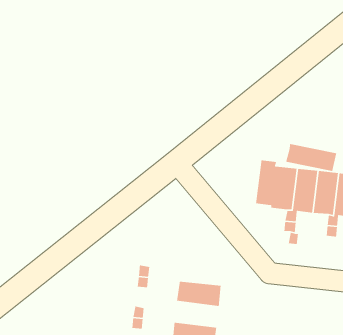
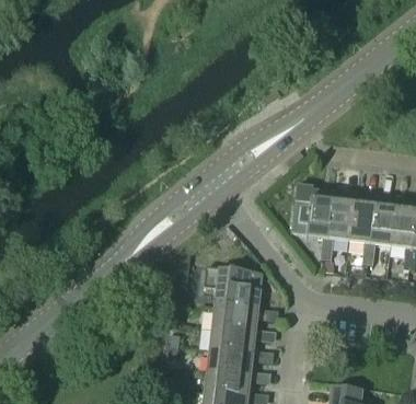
building: [285,143,337,172] -> none
building: none -> [206,269,263,314]
building: none -> [210,331,256,357]

